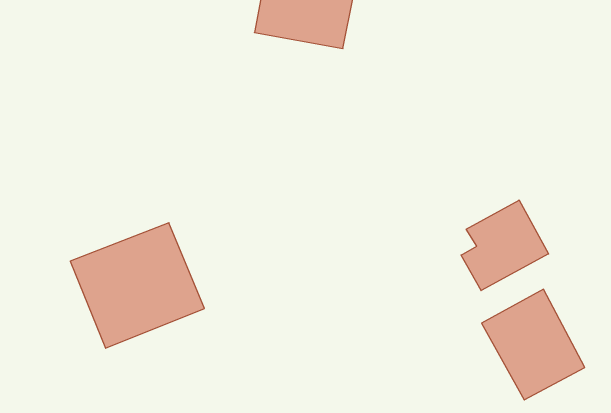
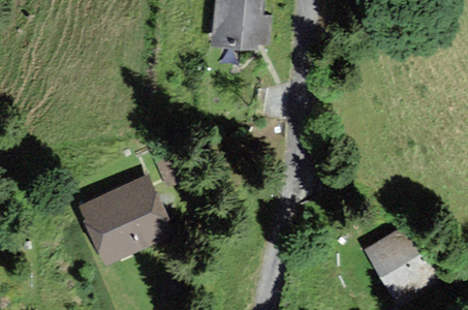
building: [461,200,549,291] -> none

